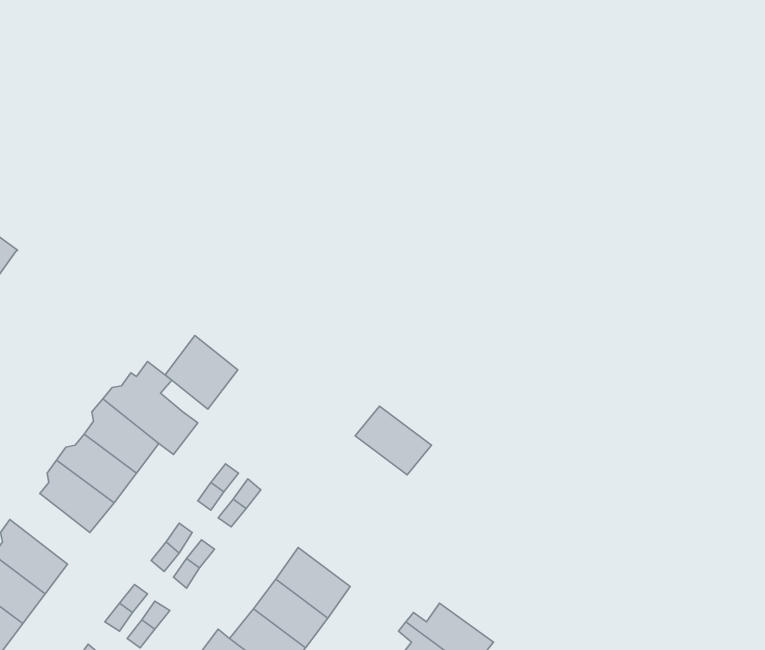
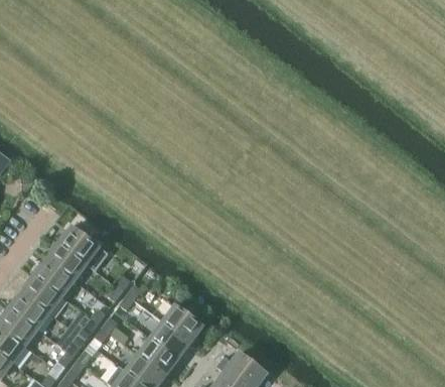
building: [165,336,238,409] -> none
building: [355,406,431,475] -> [162,305,203,343]
building: none -> [6,292,49,331]

